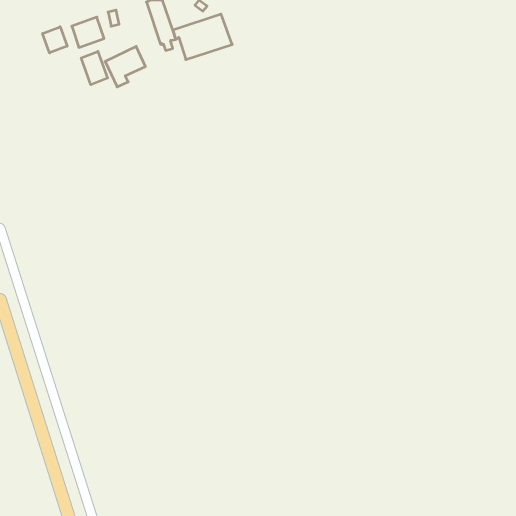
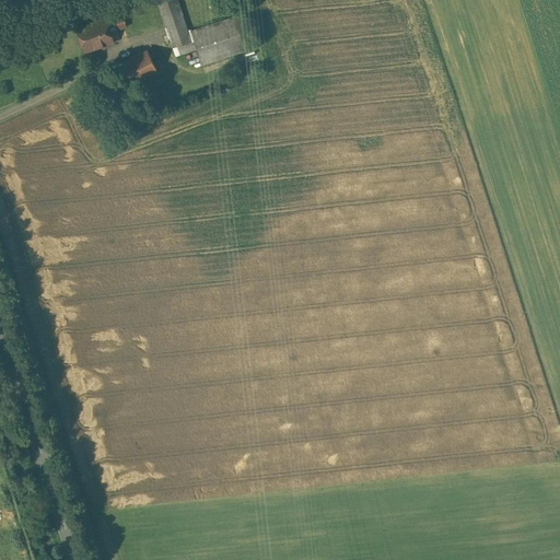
building: [43,27,67,53] -> none
building: [81,51,108,85] -> none

